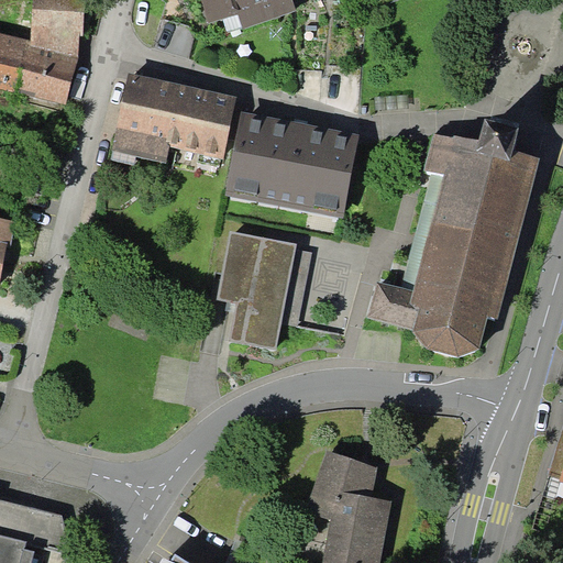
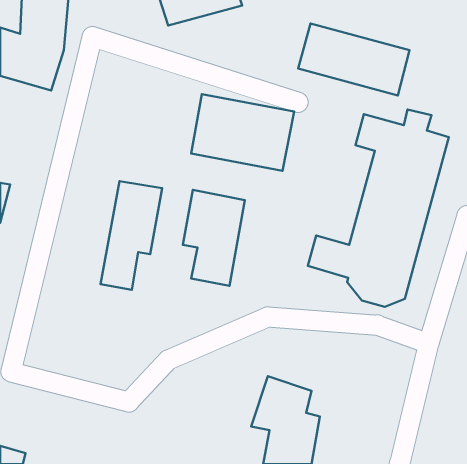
building: none -> [298,23,409,95]
building: [115,75,231,153] -> none
building: none -> [100,181,162,290]

